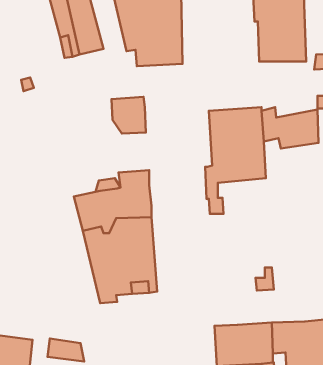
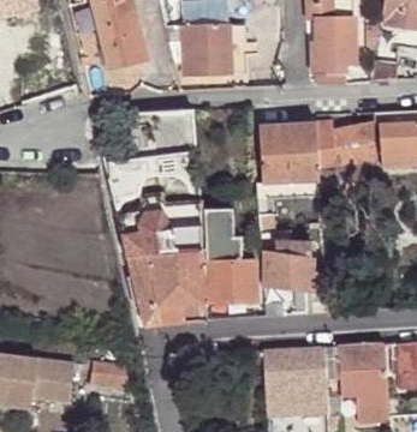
building: none -> [203,209,256,302]
building: none -> [260,233,314,290]

